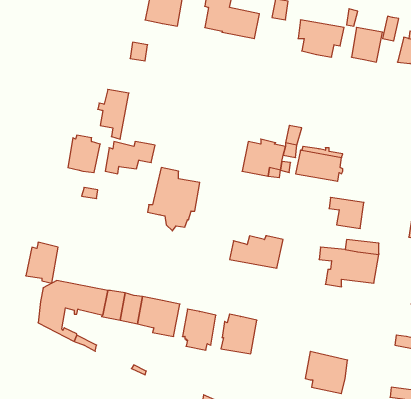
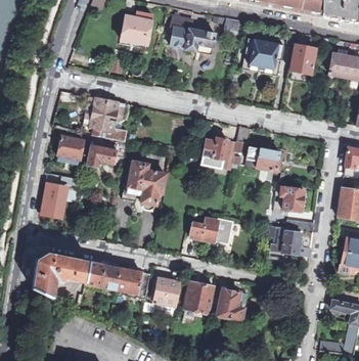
building: none -> [100,99,127,141]
building: [26,242,58,283] -> [40,183,66,217]
building: [305,351,348,394] -> [211,286,245,321]

